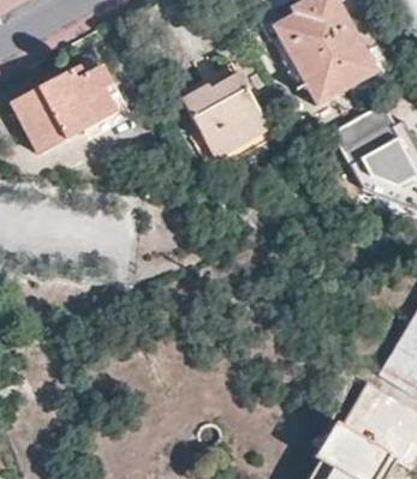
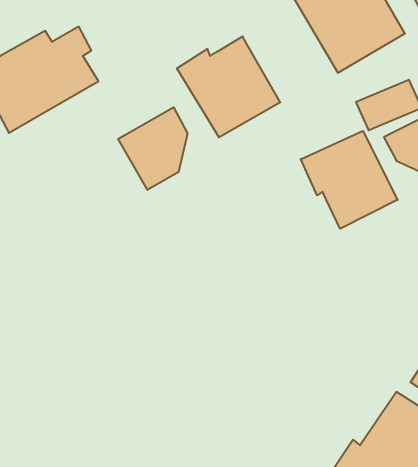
building: none -> [118,107,187,190]
building: none -> [301,131,398,229]

